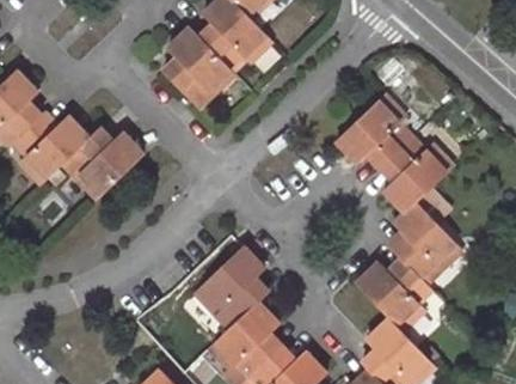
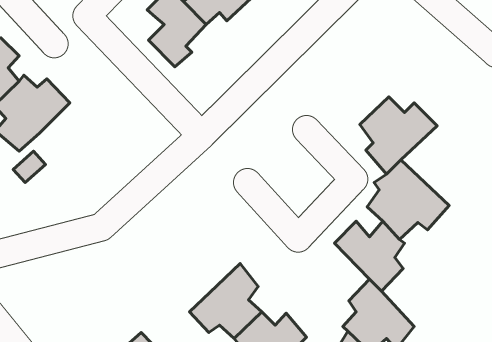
building: [333,91,406,163] -> none
building: [61,136,145,199] -> none
building: [194,248,265,329] -> none

